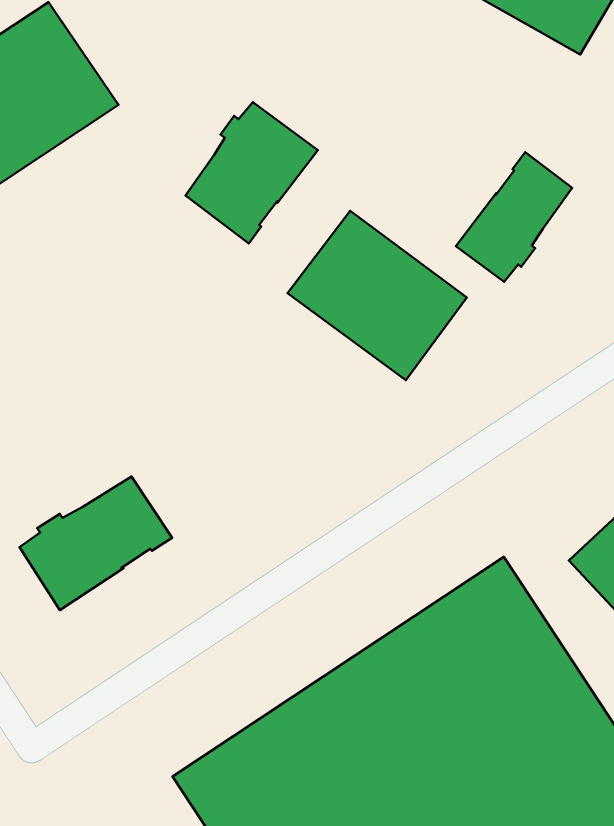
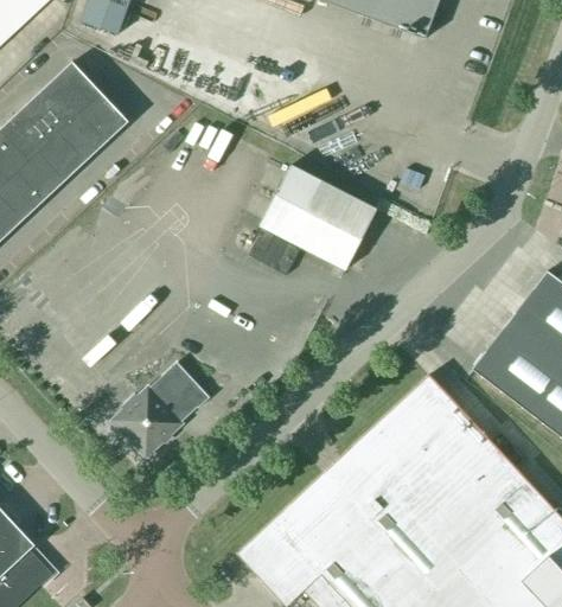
building: [185,102,318,244] -> none
building: [456,152,572,282] -> none

